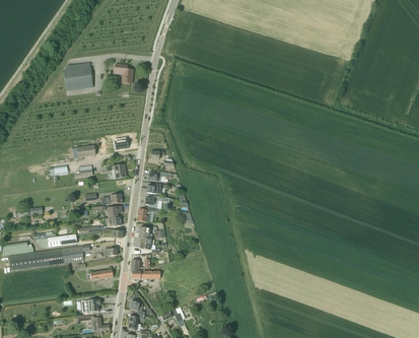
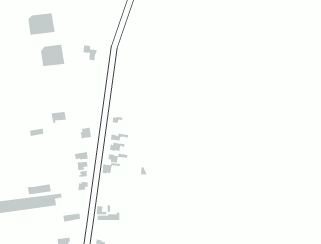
building: none -> [28,12,55,35]

